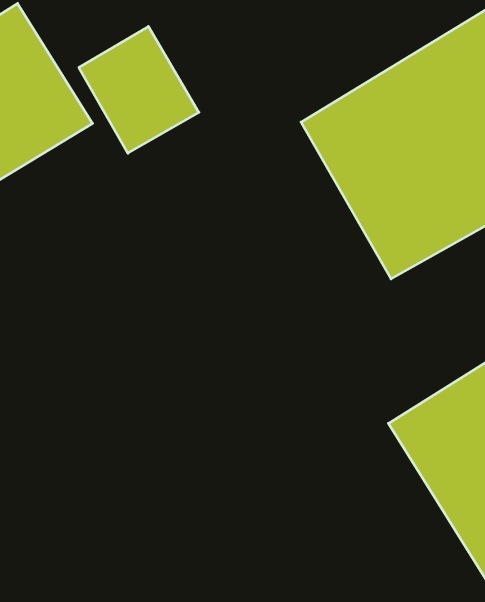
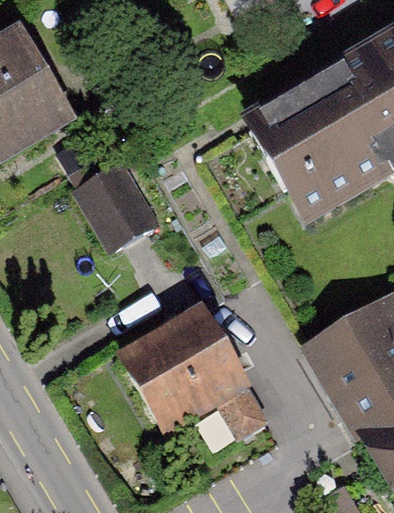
building: [79,26,199,153] -> [74,158,162,252]
building: none -> [126,312,254,434]

